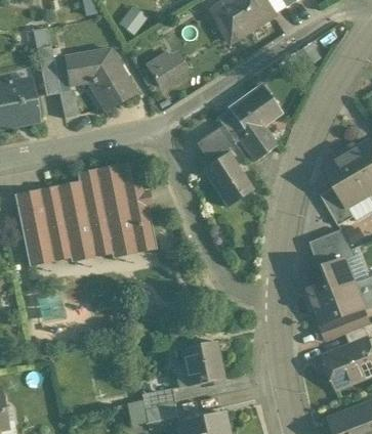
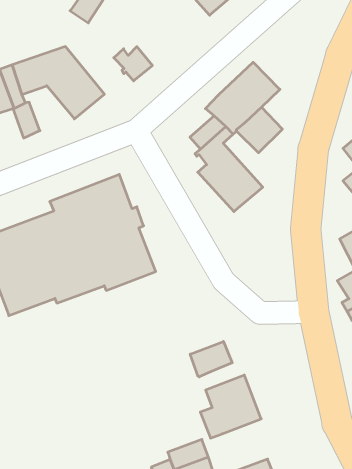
building: none -> [190,341,232,377]

